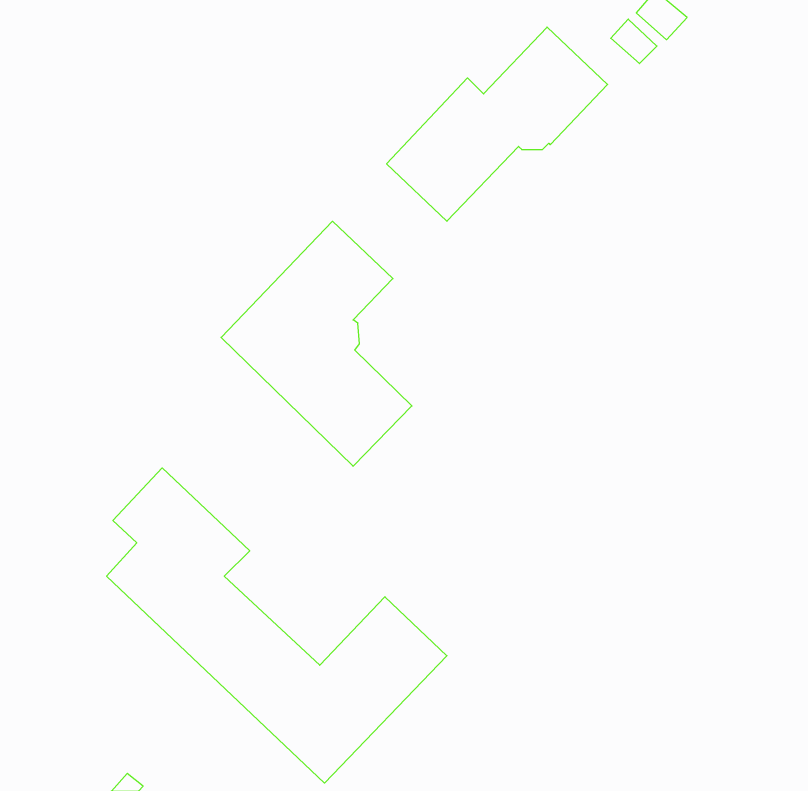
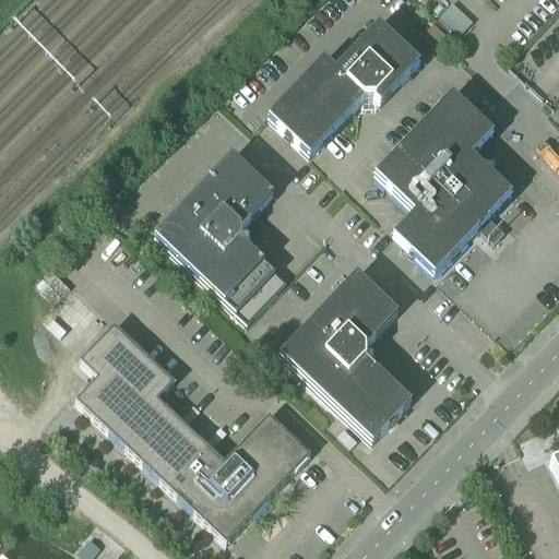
building: none -> [374,90,510,269]
building: none -> [278,270,411,438]

